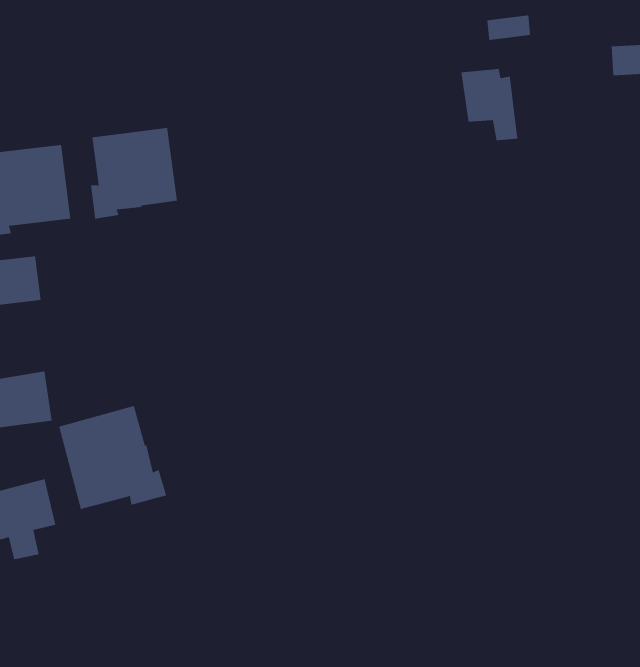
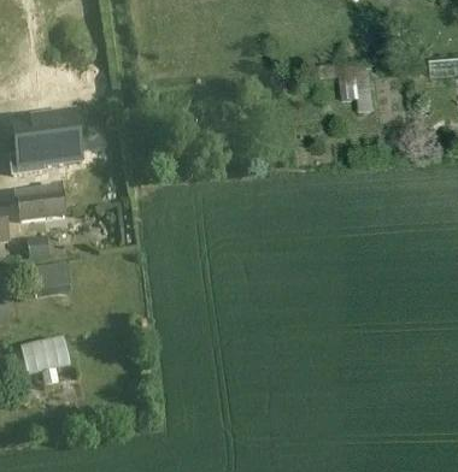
building: [90,127,178,220] -> none
building: [58,405,167,510] -> none

